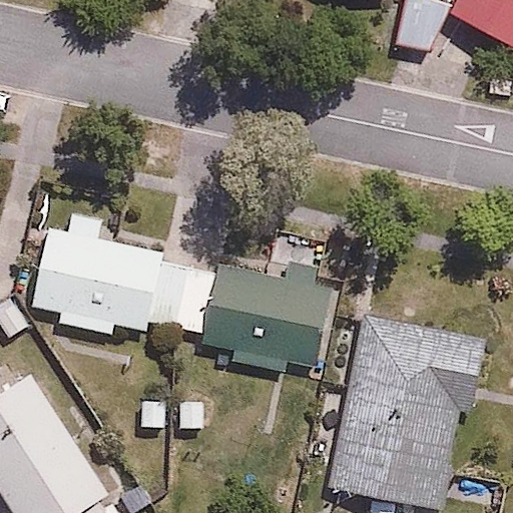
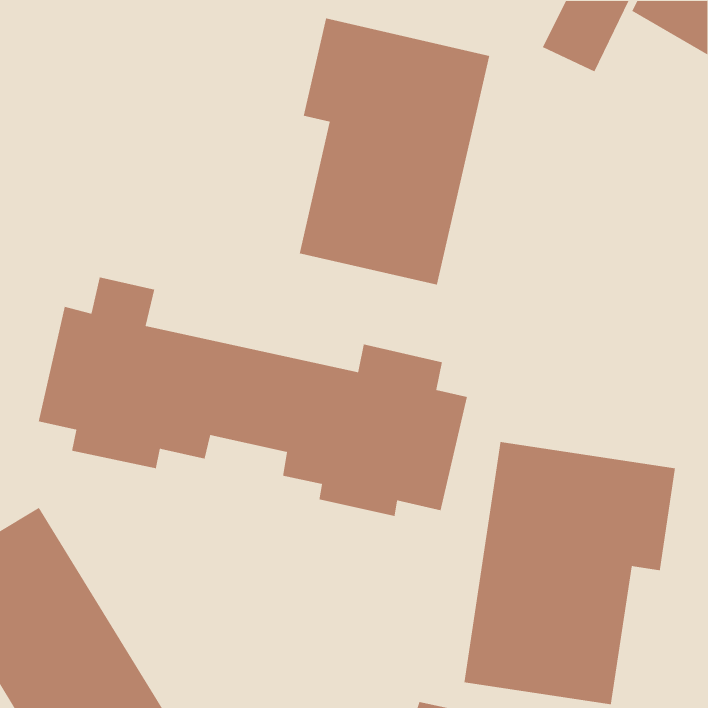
building: none -> [299,18,490,286]

